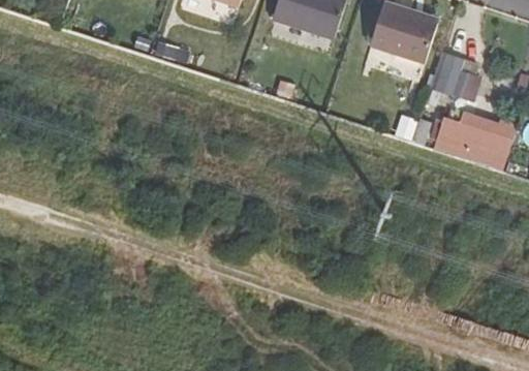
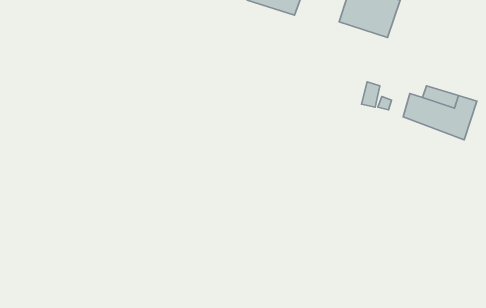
building: [432,48,484,97] -> none

